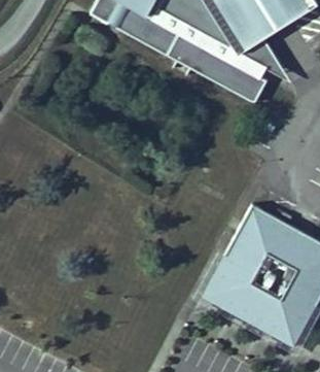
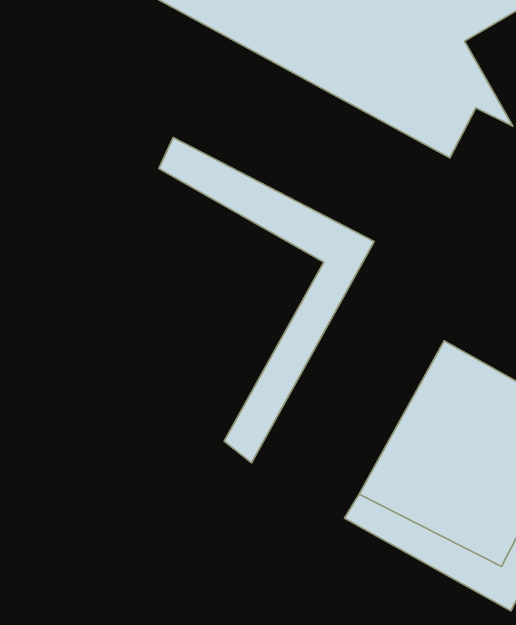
building: none -> [159,137,374,463]

